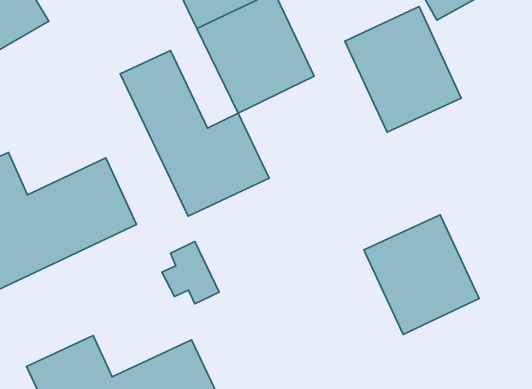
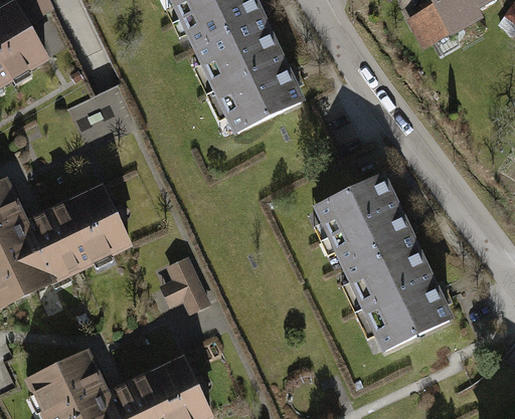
building: [345,7,461,132] -> none
building: [120,51,269,216] -> none
building: none -> [316,167,420,268]

